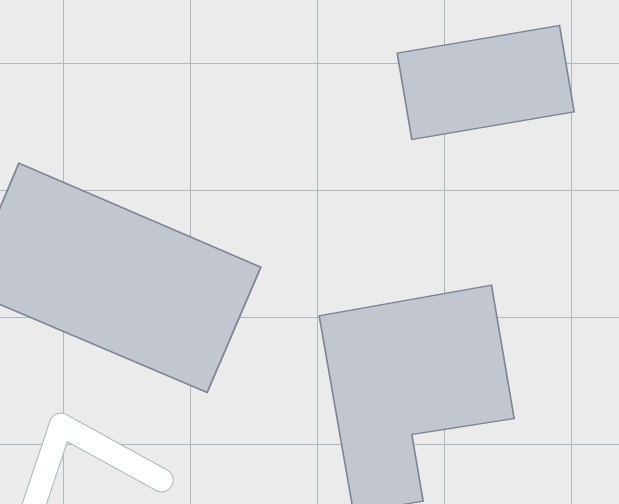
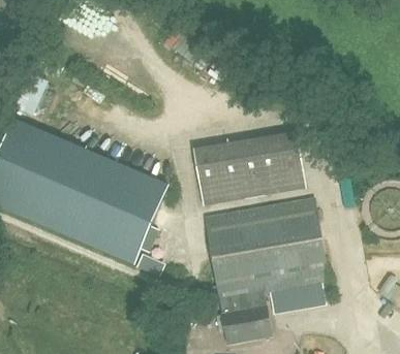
building: [397,26,574,139] -> [192,131,305,203]
building: none -> [274,288,327,309]

